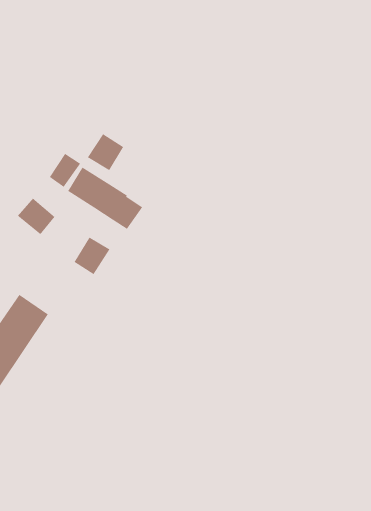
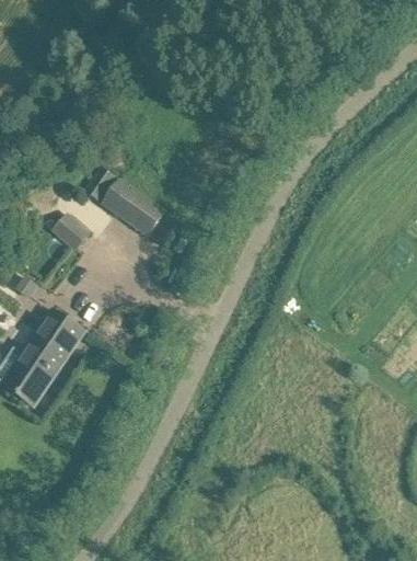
building: [87,133,124,171] -> none
building: [73,236,111,275] -> none

